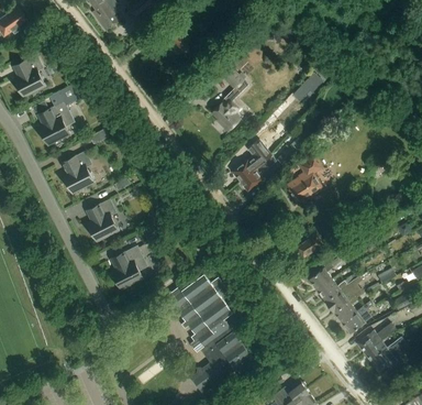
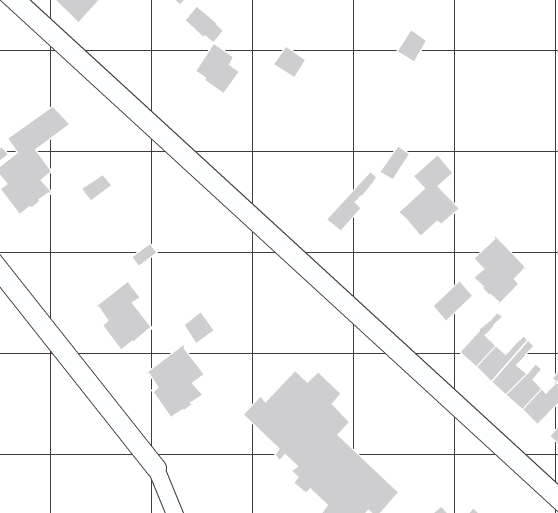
building: [212,98,240,131] -> [195,43,239,94]
building: [232,139,273,182] -> none
building: [60,151,95,194] -> none
building: none -> [473,236,527,305]

